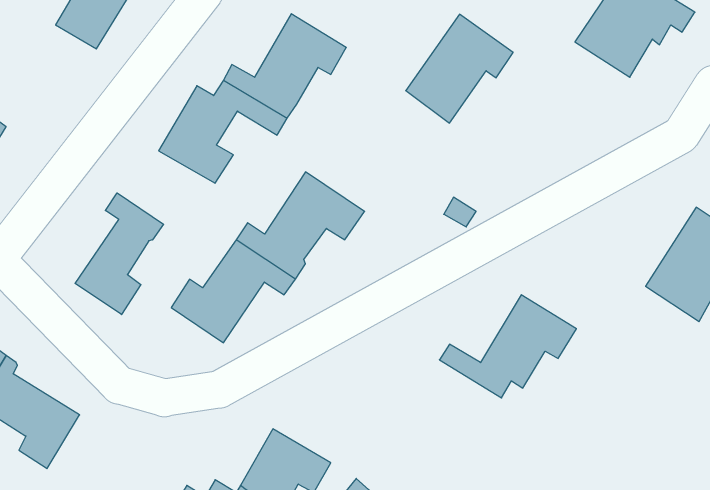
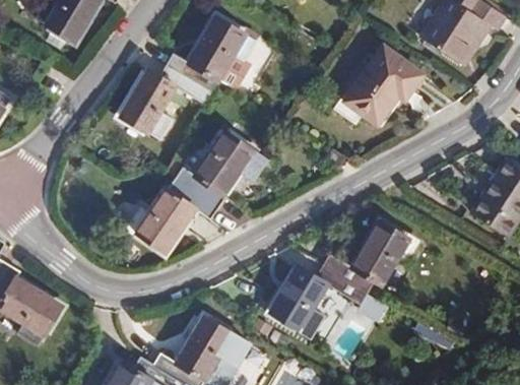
building: [406,14,513,123] -> [345,46,422,124]
building: [75,193,164,315] -> none
building: none -> [269,264,367,334]

